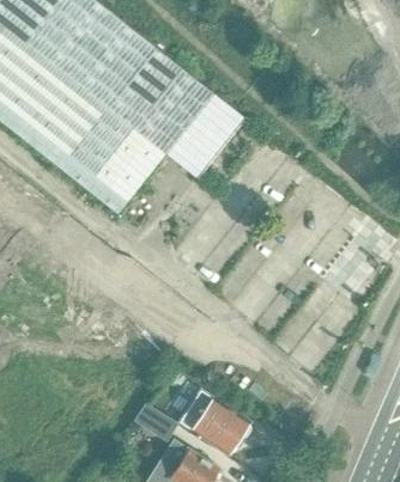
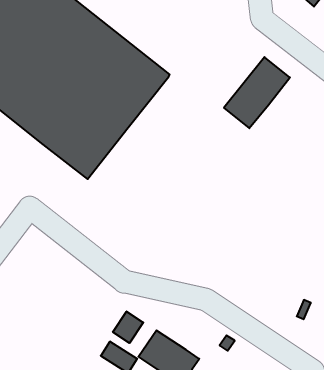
building: [164,92,242,176] -> [224,57,290,128]
building: none -> [113,311,143,343]

